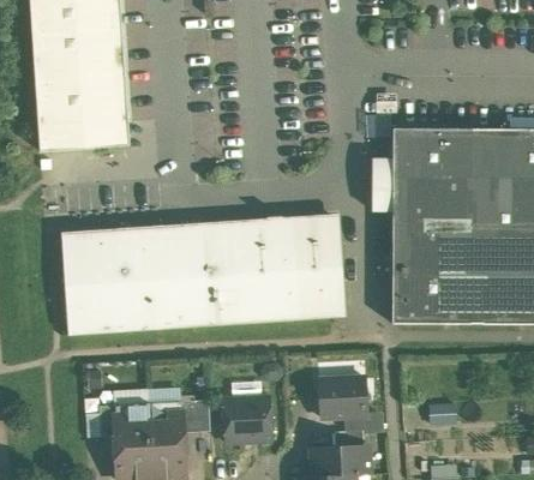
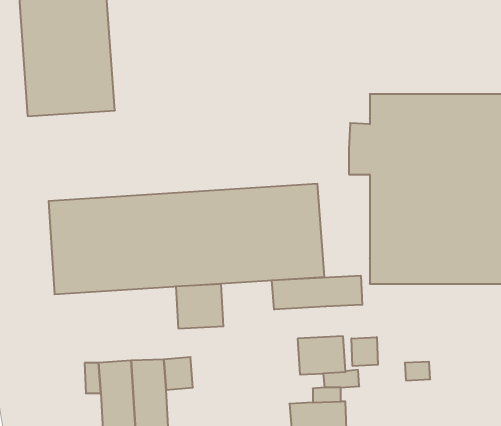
building: none -> [272,276,362,310]
building: none -> [351,337,378,366]
building: [222,396,271,442] -> [176,284,224,328]

